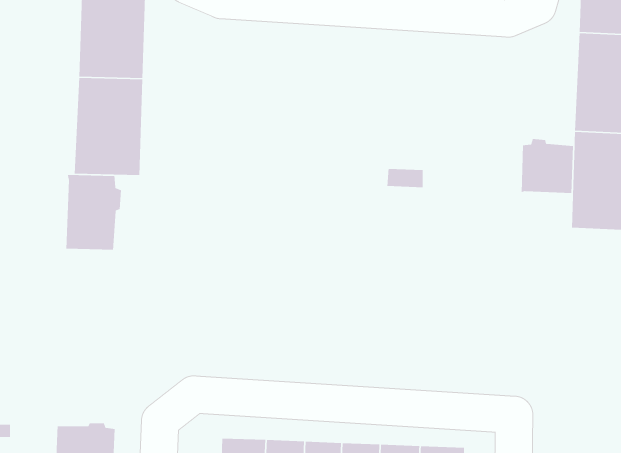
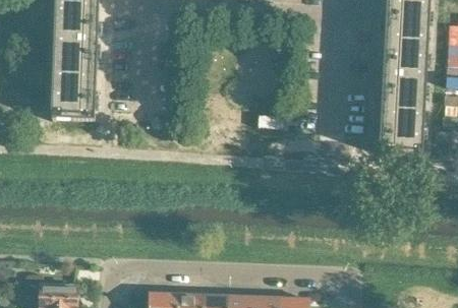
building: [521,138,574,194] -> none
building: [65,174,122,251] -> none

